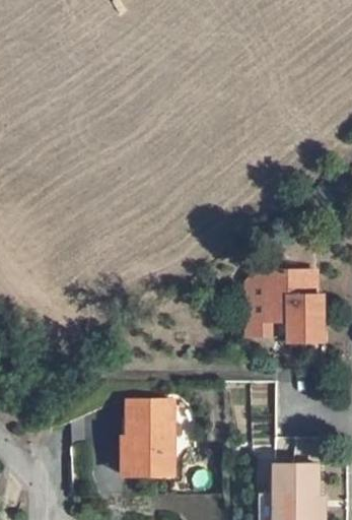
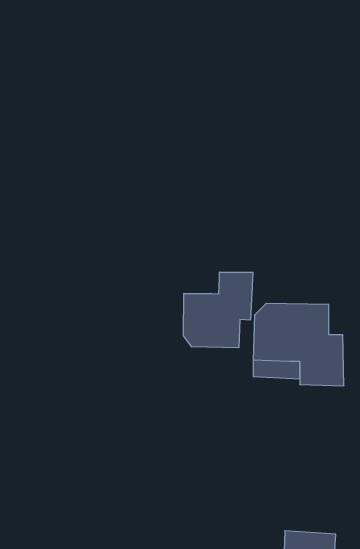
building: none -> [183,272,253,348]
building: [129,403,174,477] -> none

